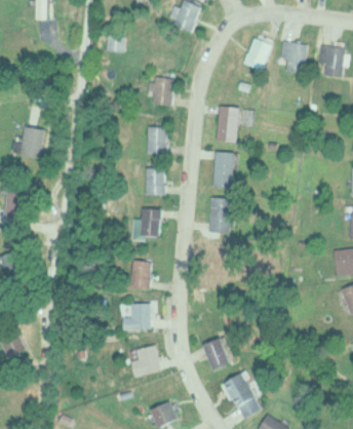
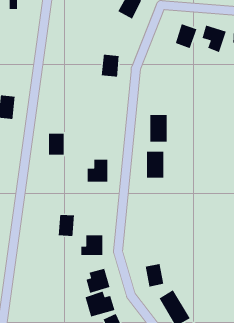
building: [214,106,241,143] -> none
building: [146,127,167,155] -> none
building: [145,167,165,196] -> [48,133,64,156]
building: [131,261,153,289] -> [58,214,75,237]
building: none -> [85,291,116,317]

